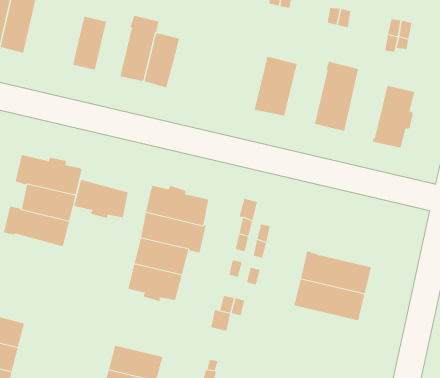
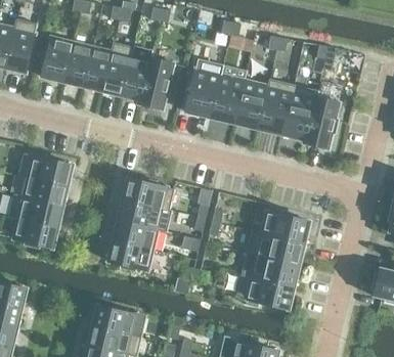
building: none -> [42,38,74,82]
building: none -> [83,47,112,91]
building: none -> [139,58,173,109]
building: none -> [185,59,223,118]
building: none -> [234,81,268,129]
building: none -> [282,85,318,140]
building: [74,179,129,219] -> [13,217,57,249]
building: none -> [261,212,309,243]
building: none -> [236,274,294,309]

